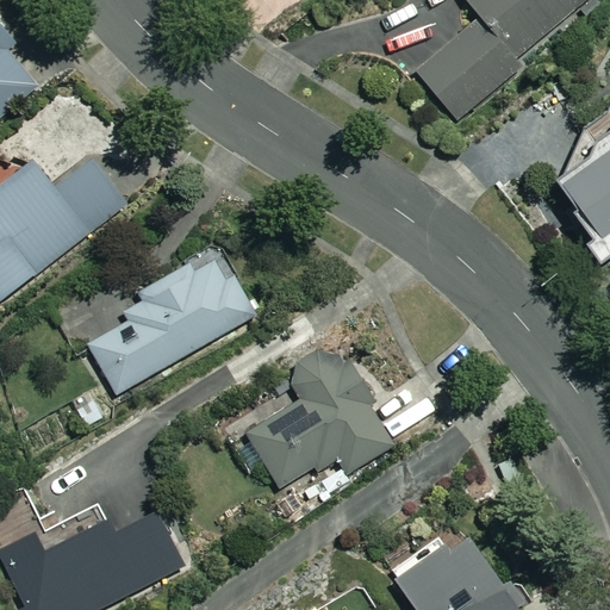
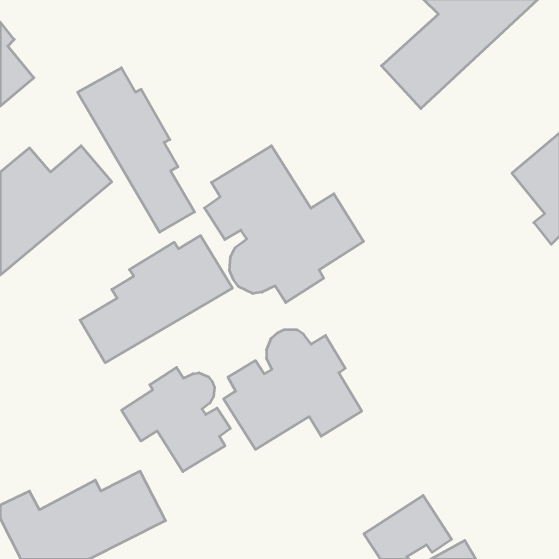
building: none -> [78,68,195,232]
building: none -> [204,146,364,303]
building: none -> [122,367,230,472]

